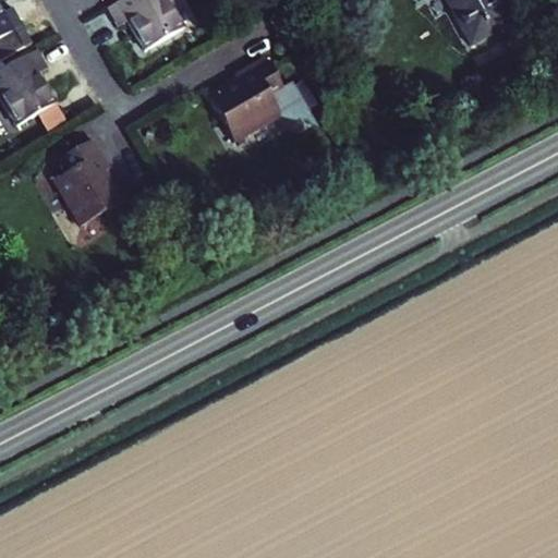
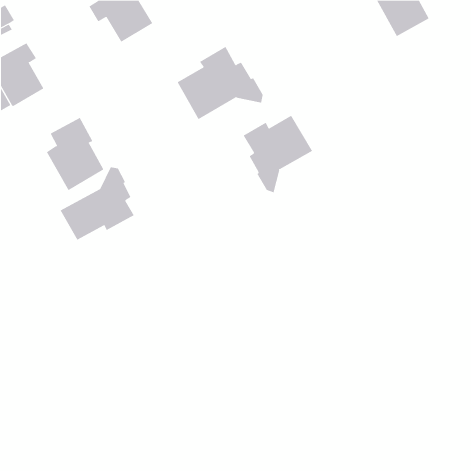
building: none -> [243,115,313,193]
building: none -> [60,166,134,241]

